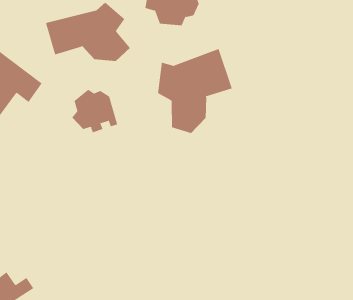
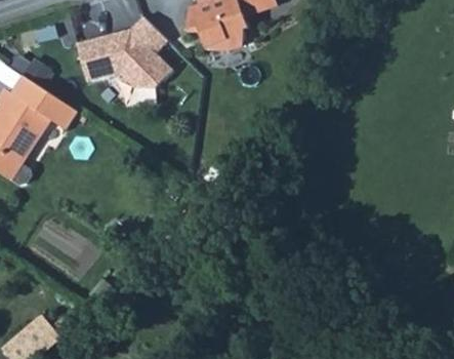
building: [157,48,232,134] -> none
building: [71,89,118,133] -> none

